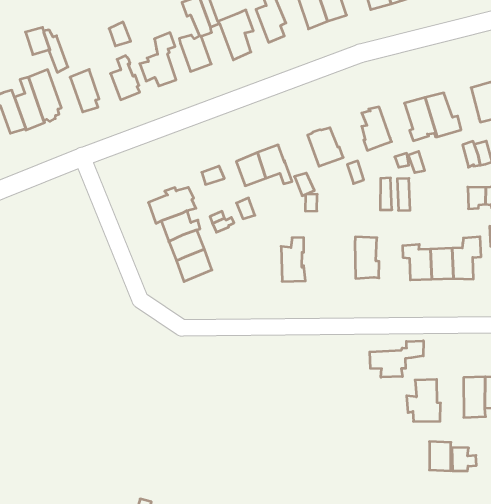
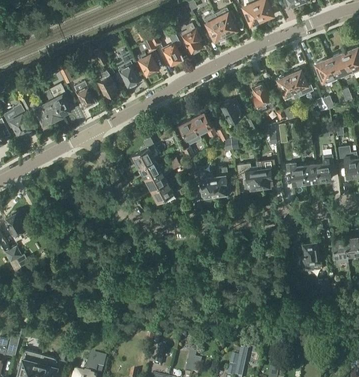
building: none -> [237,163,260,188]
building: none -> [197,169,216,196]
building: [370,341,423,377] -> none

